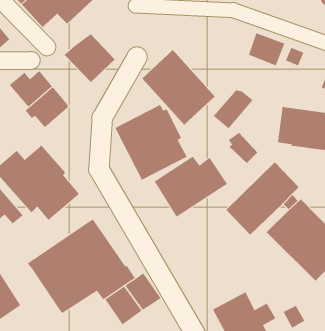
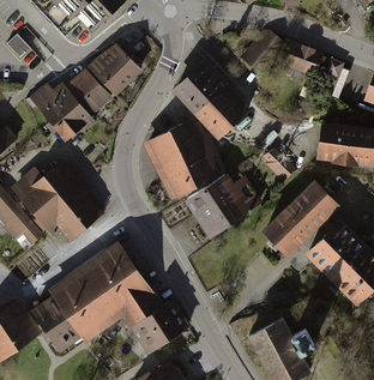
building: none -> [65,68,111,116]
building: [213,90,253,129] -> [239,30,282,72]
building: none -> [31,295,82,352]

